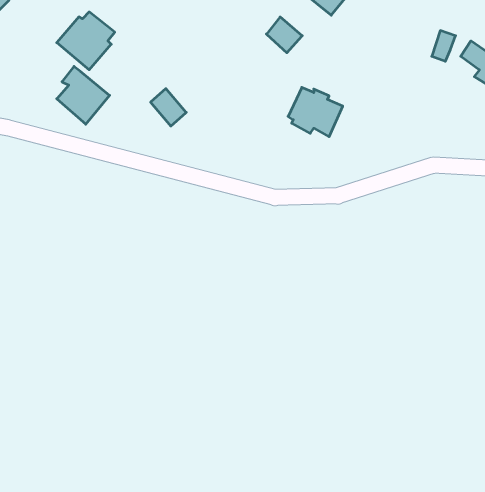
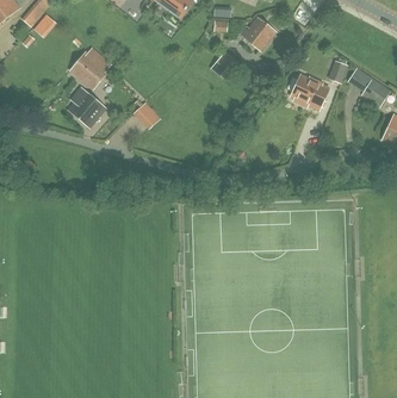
building: [288,87,343,137] -> [291,74,329,108]

